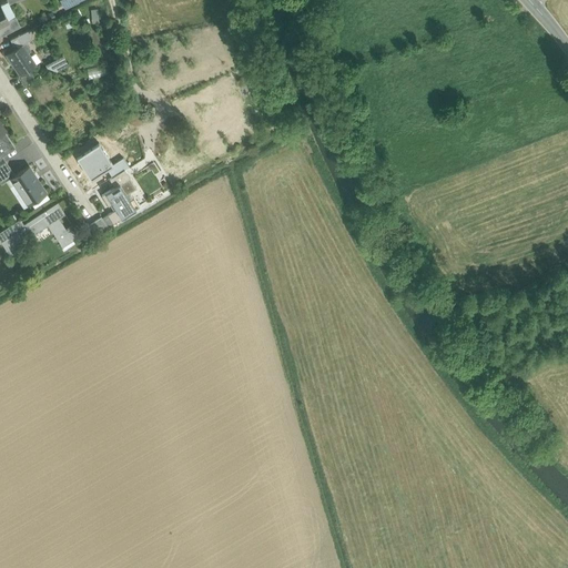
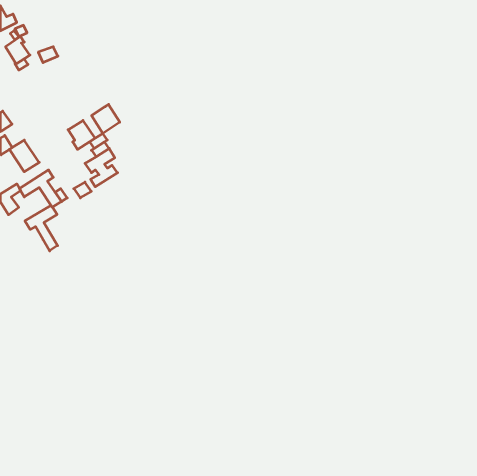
building: none -> [92,104,120,133]
building: none -> [25,205,58,251]

